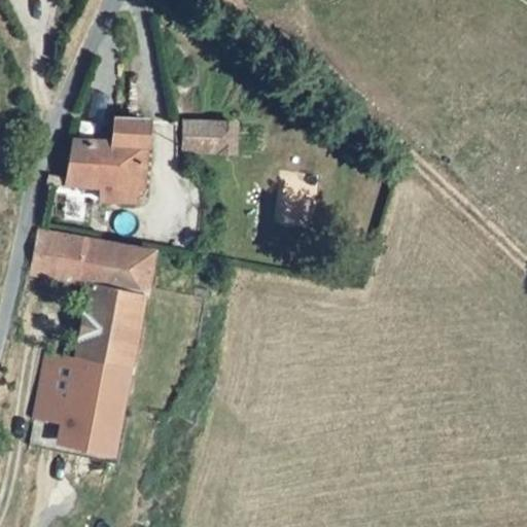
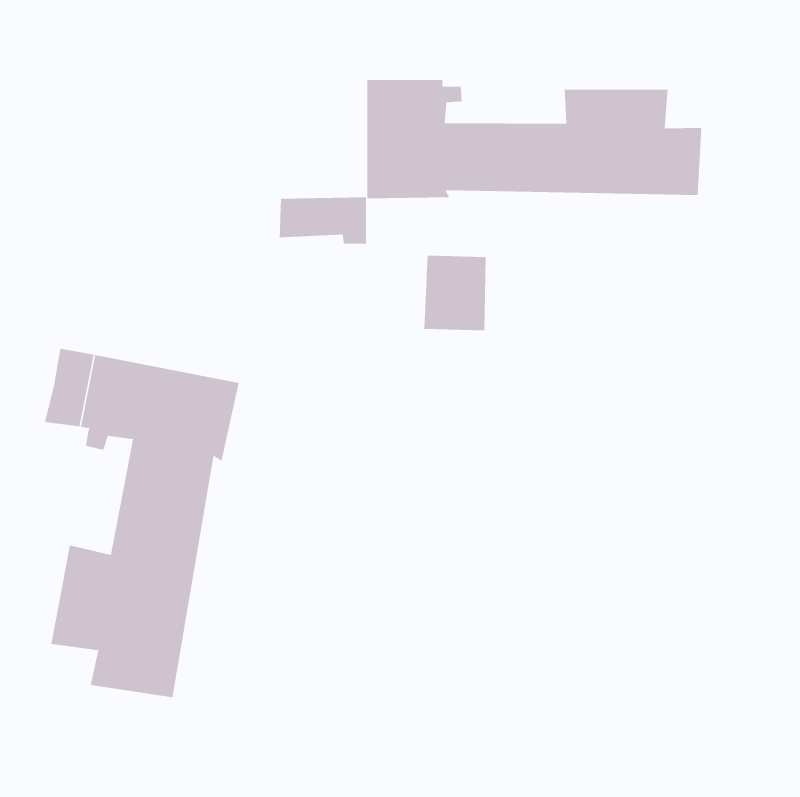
building: none -> [367,79,702,199]
building: [65,115,148,205] -> none

